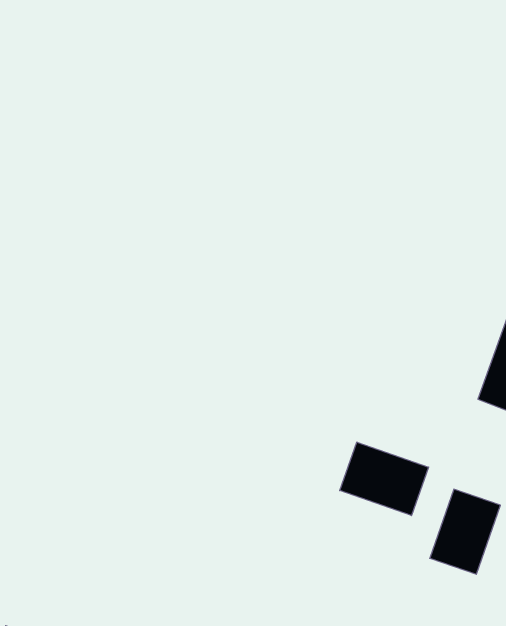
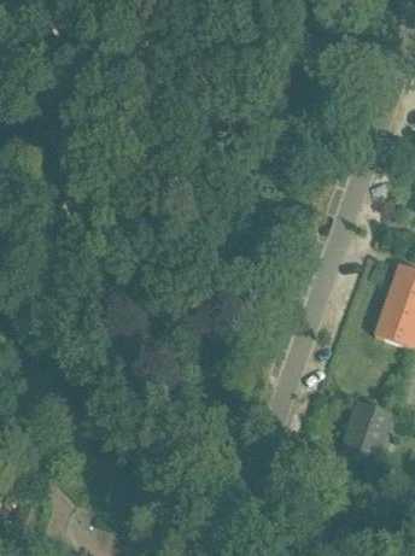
building: [340,442,429,516] -> none

